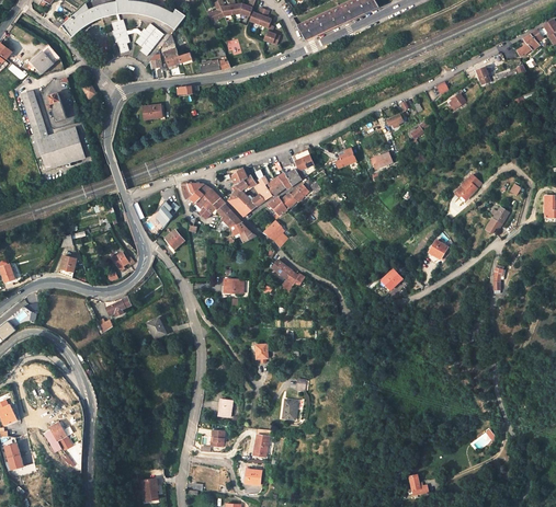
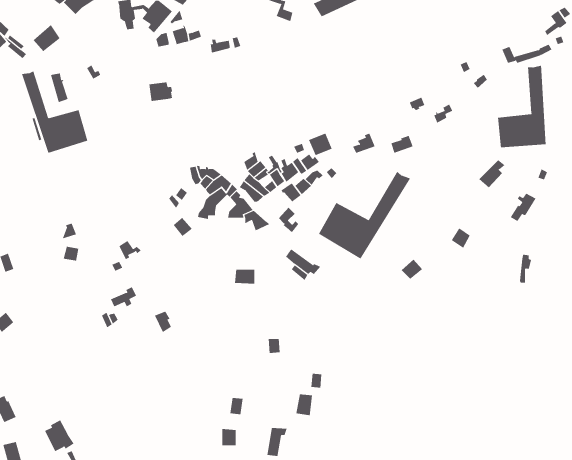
building: none -> [497,65,546,148]
building: none -> [318,171,411,259]

